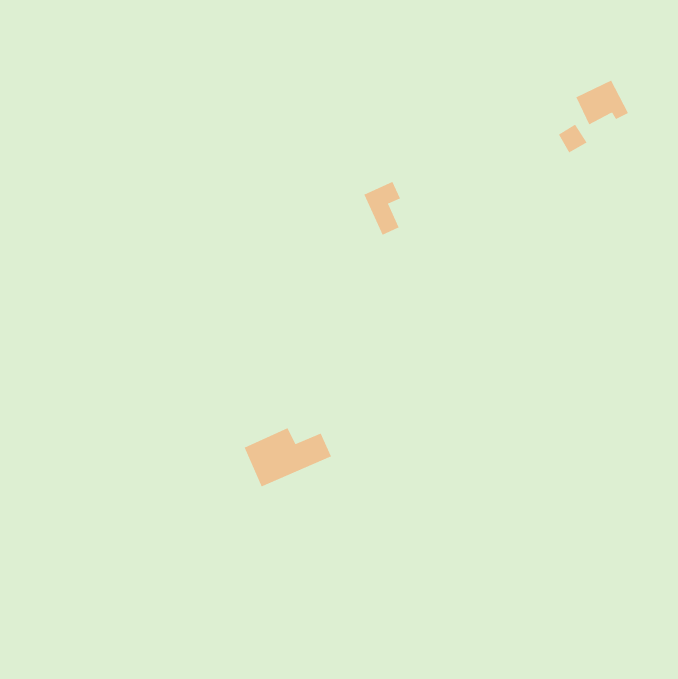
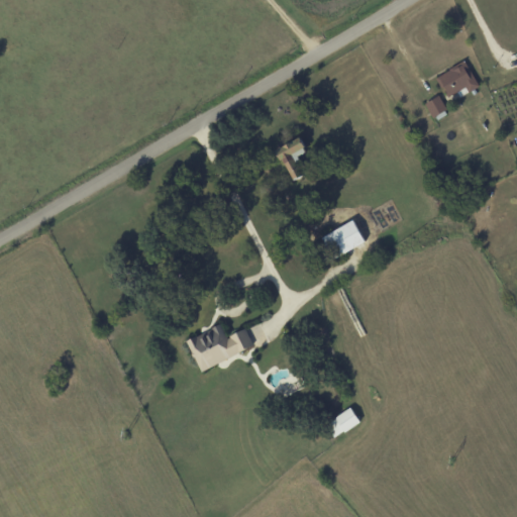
building: none -> [321,219,366,258]
building: none -> [325,407,360,437]

